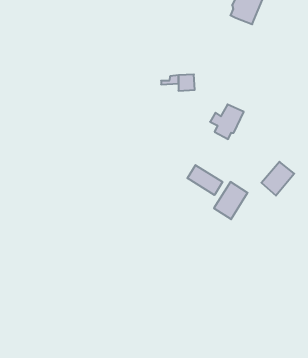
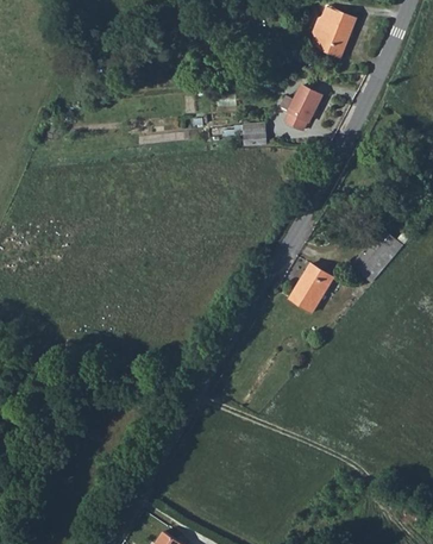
building: [210,104,244,139] -> [277,85,321,130]
building: [187,165,222,195] -> none

